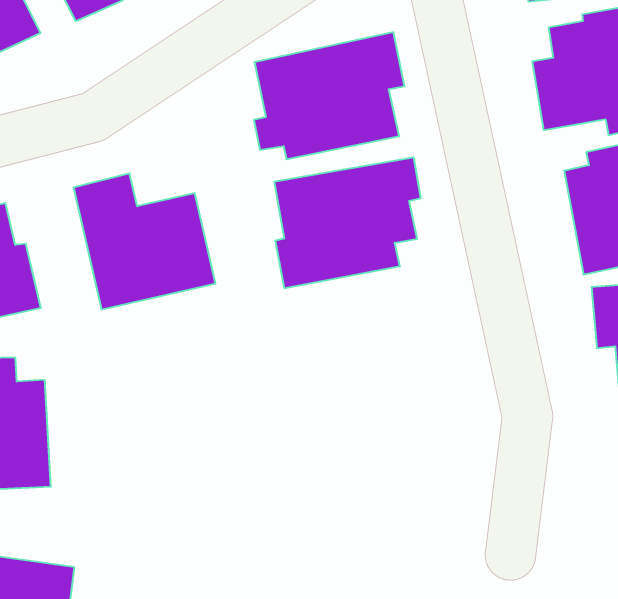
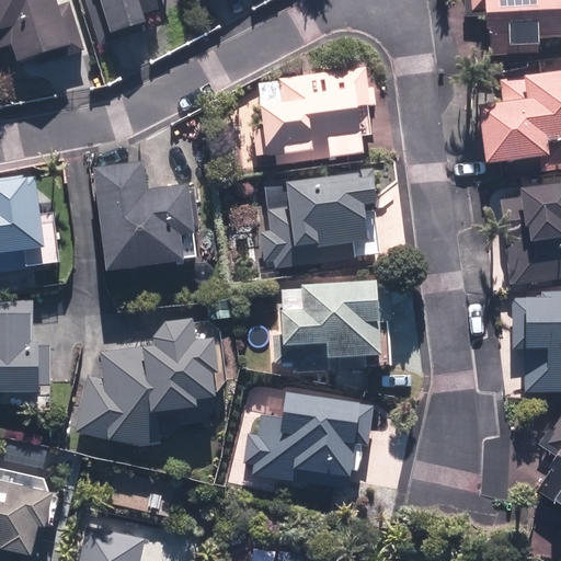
building: none -> [280,278,390,355]
building: none -> [72,314,220,448]
building: none -> [242,392,373,482]

